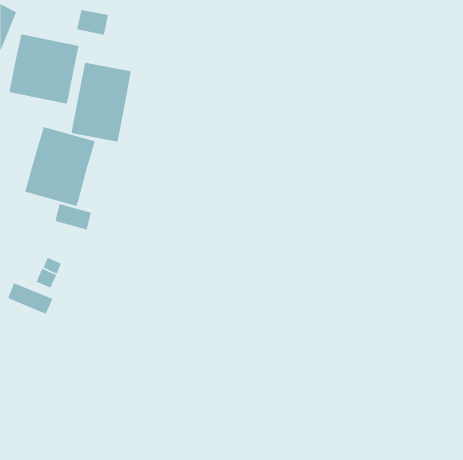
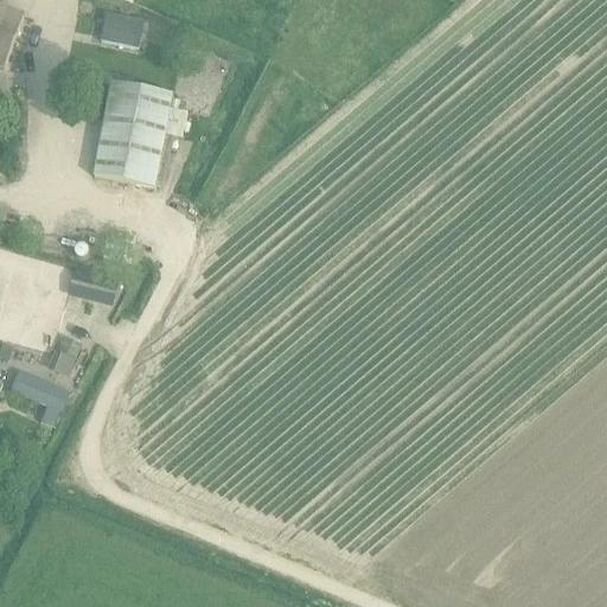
building: [9,34,79,104] -> none
building: [24,126,96,207] -> none

